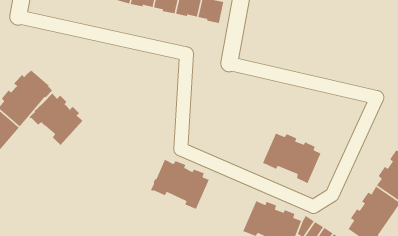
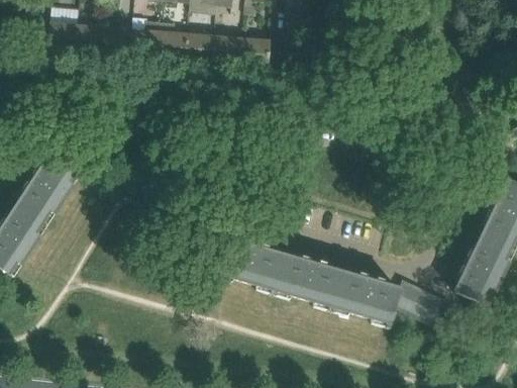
building: [29,92,83,146] -> none
building: [262,132,322,184] -> [271,253,340,310]

